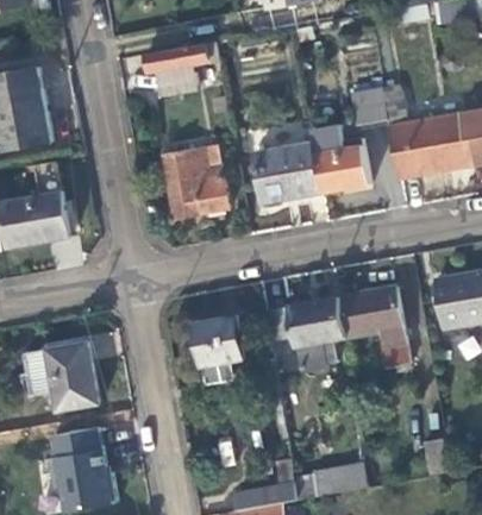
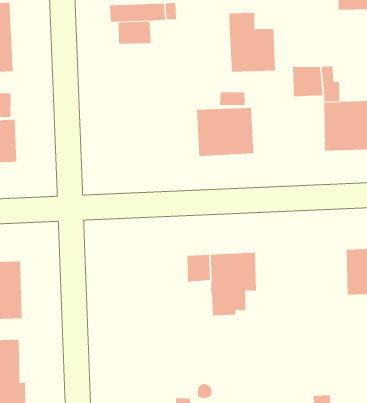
building: [309,123,369,190] -> [229,12,276,72]
building: [162,145,226,218] -> none
building: [338,285,408,368] -> none
building: [193,315,244,384] -> none

